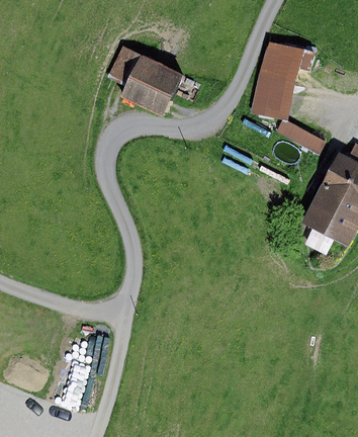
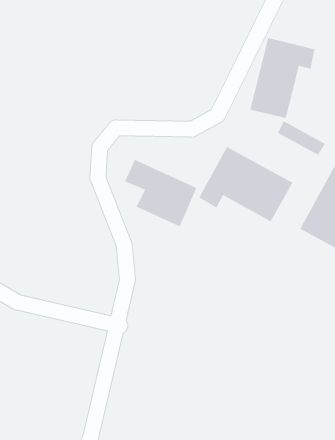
building: [112,52,182,116] -> [124,159,197,227]
building: none -> [199,146,293,222]

